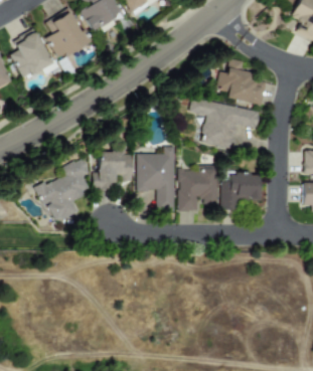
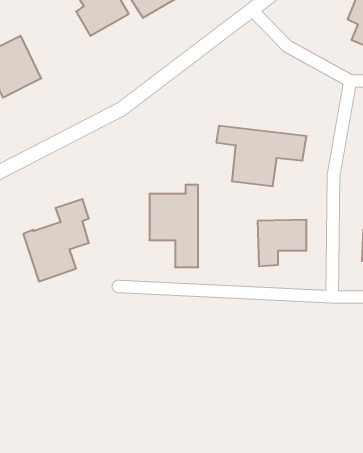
building: [47,7,91,59] -> none
building: [216,58,268,106] -> none
building: [95,152,133,188] -> none
building: [179,166,219,211] -> none

